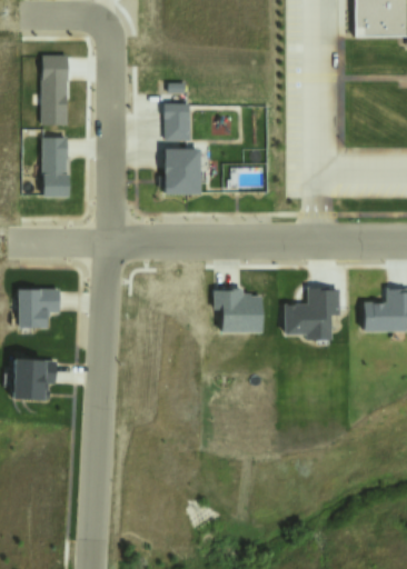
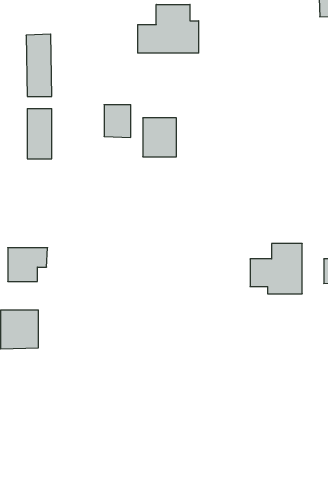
building: none -> [138,4,199,53]
building: [162,107,191,142] -> [104,105,131,137]
building: [212,289,265,336] -> none

